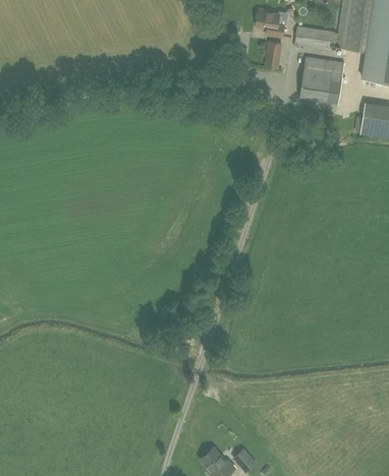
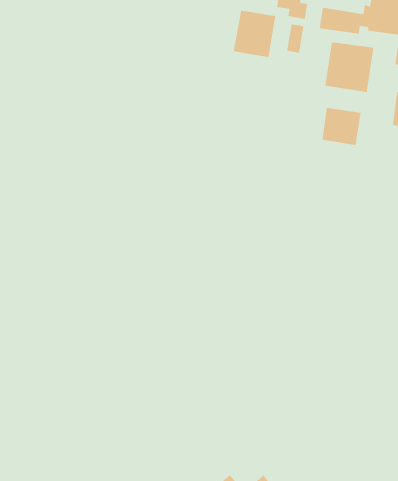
building: none -> [233,10,276,58]
building: none -> [322,107,361,146]

